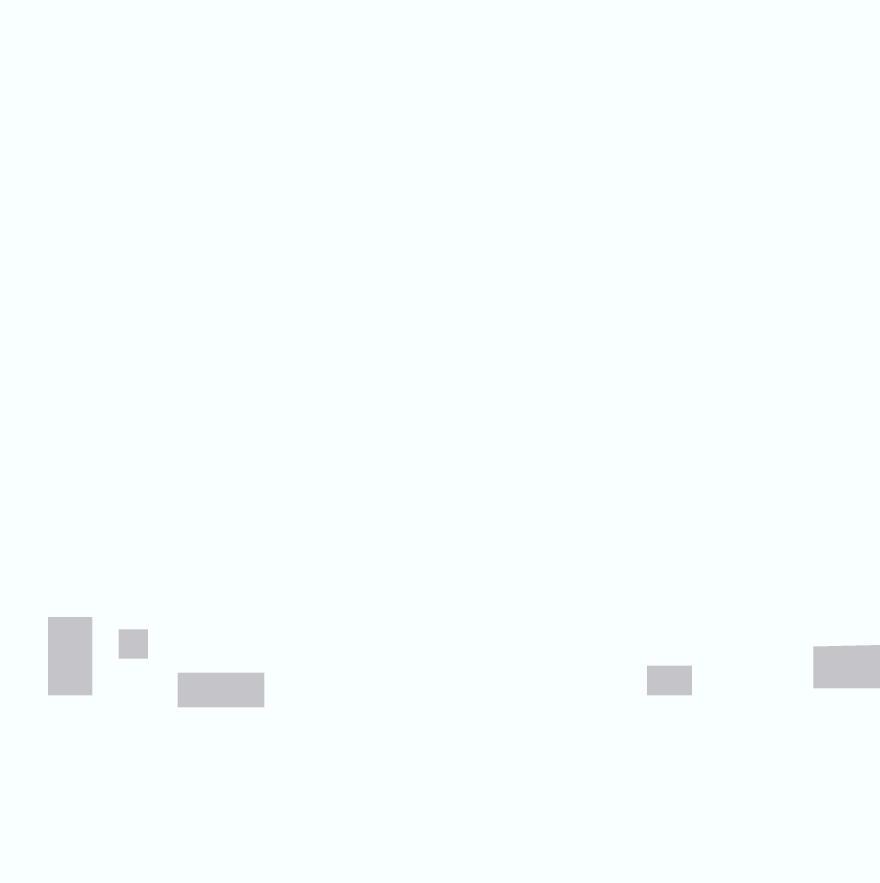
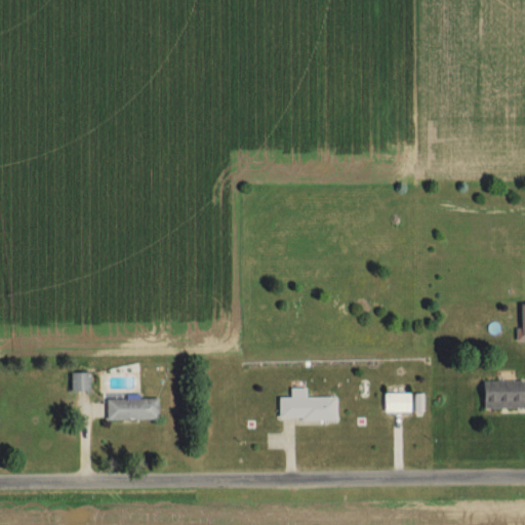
building: [47,616,93,696] -> none
building: none -> [280,389,337,419]

